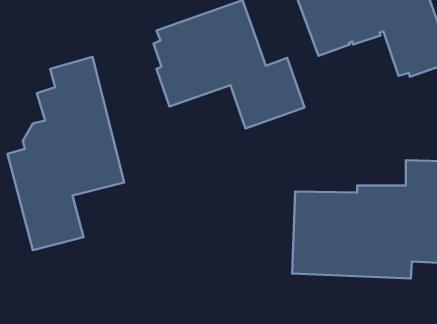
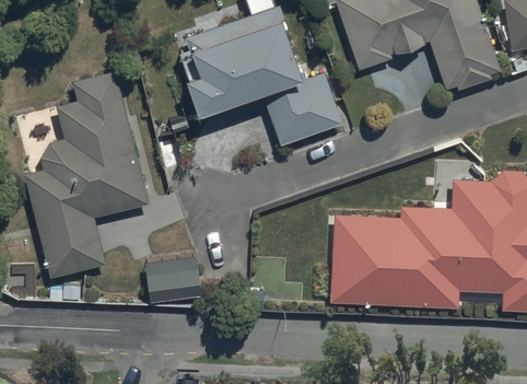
building: none -> [143,256,201,302]

